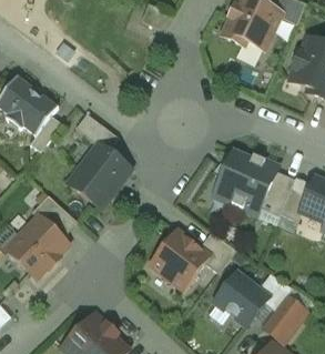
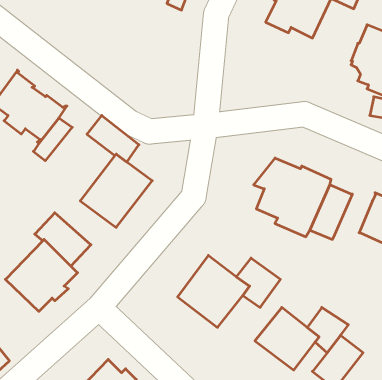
building: [280,176,312,222] -> none

